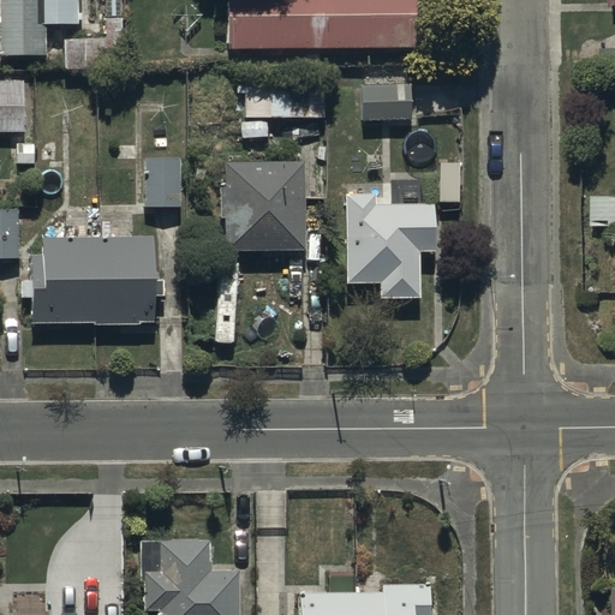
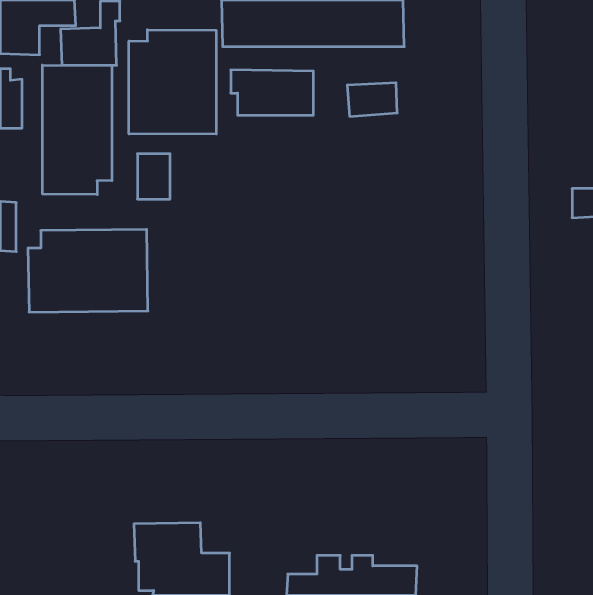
building: none -> [129,30,216,134]
building: none -> [42,65,112,195]
building: [219,163,301,250] -> none
building: [344,196,436,300] -> none

